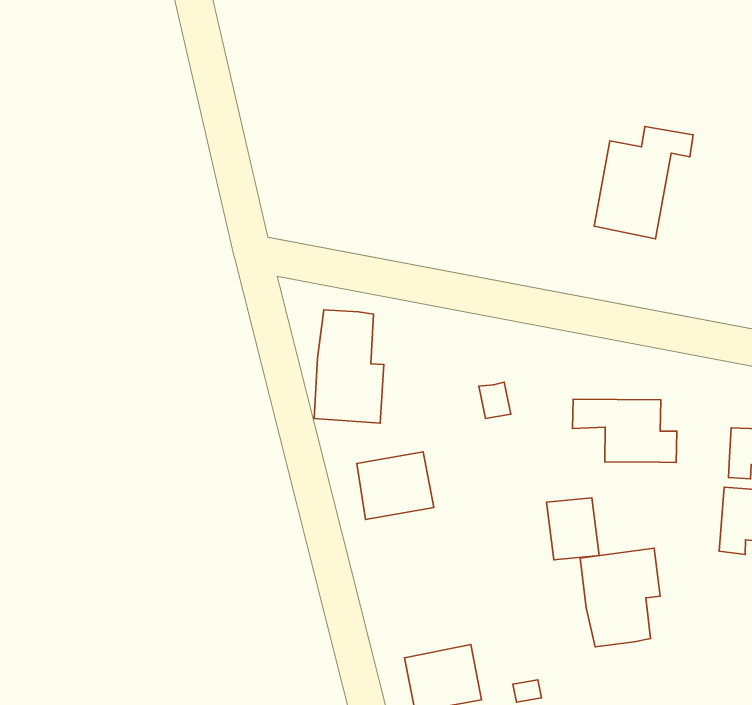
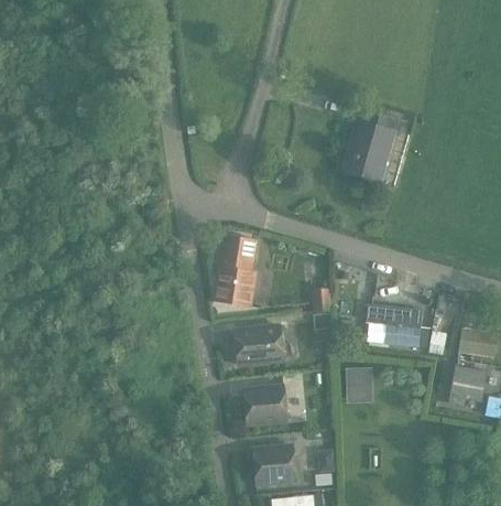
building: [594,127,693,239] -> [342,114,407,182]
building: none -> [243,387,287,424]
building: [580,548,660,647] -> none

